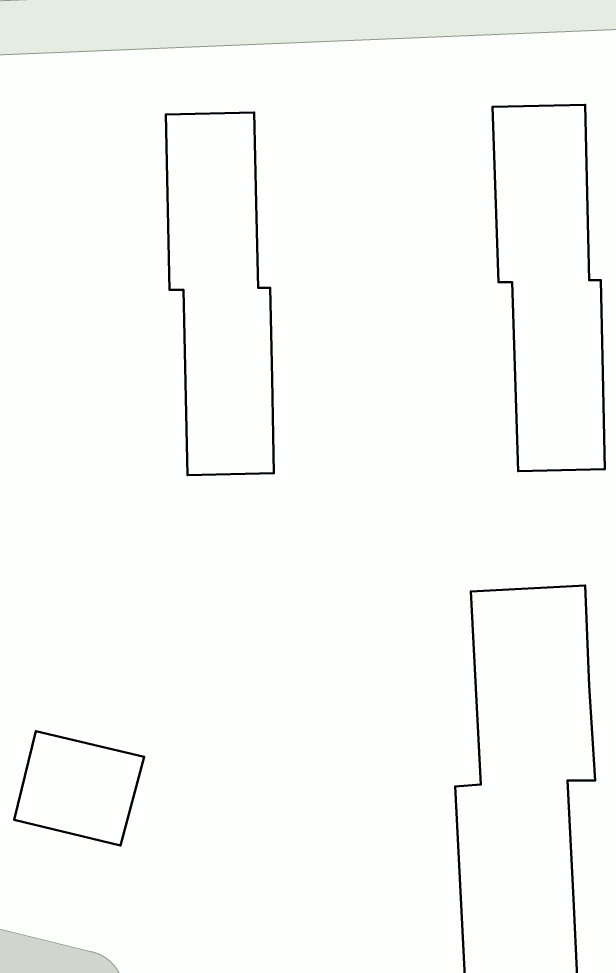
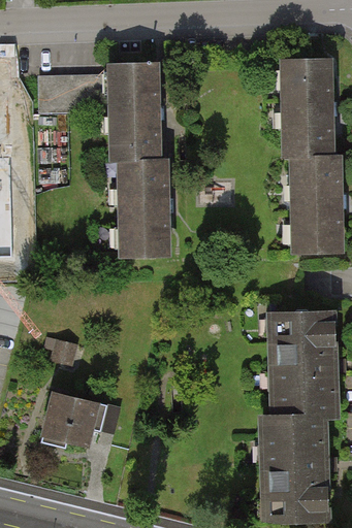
building: none -> [39,75,105,110]
building: none -> [39,332,81,366]

